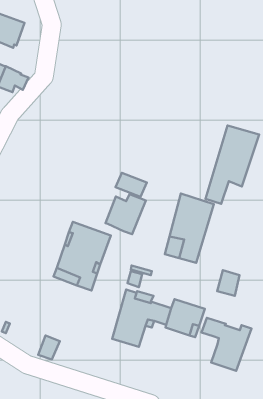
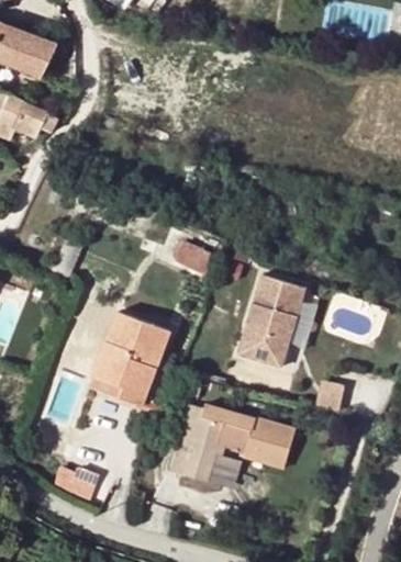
building: [205,125,259,204] -> none
building: [105,194,146,234] -> none
building: [202,318,251,371] -> none

